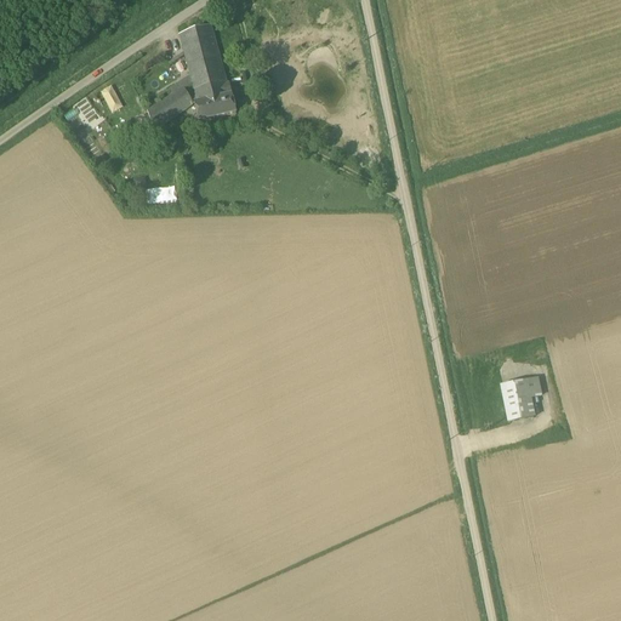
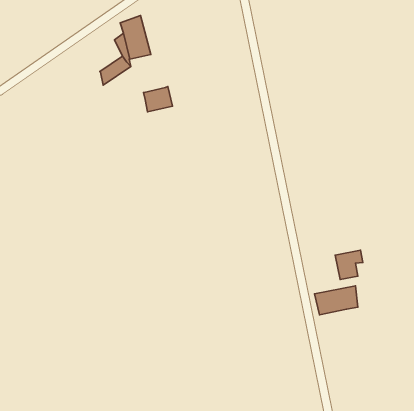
building: [194,80,238,118] -> [143,87,173,112]
building: none -> [314,286,358,315]

